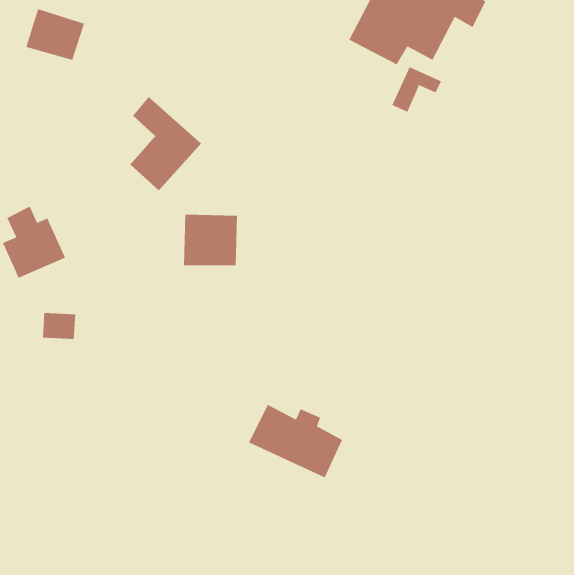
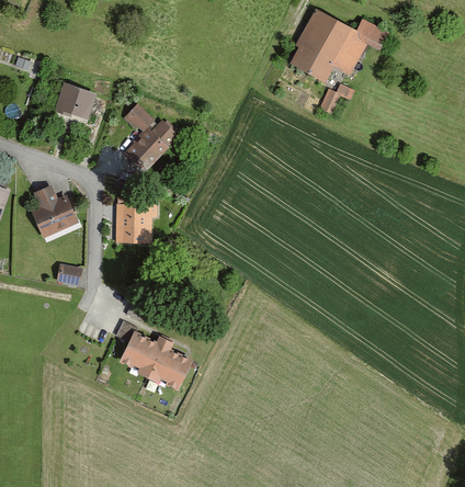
building: [26,9,85,61] -> [54,82,98,121]
building: [183,214,238,266] -> [115,204,156,242]
building: [248,404,343,478] -> [118,332,189,387]

